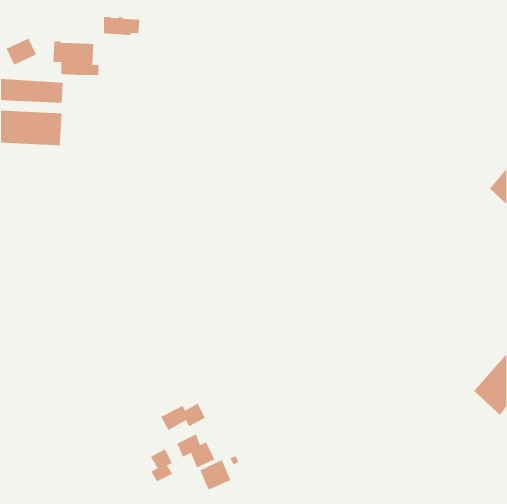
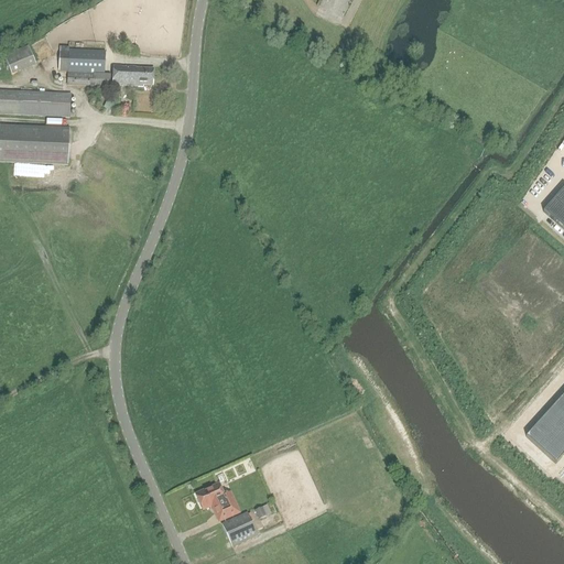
building: [103,17,140,36] -> [112,64,153,85]
building: [160,402,206,431] -> none
building: [150,449,173,482] -> none

